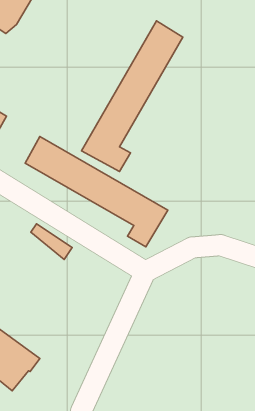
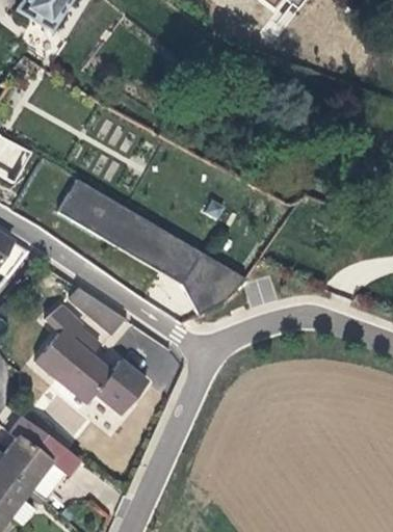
building: [82,21,183,172] -> none
building: none -> [33,309,143,416]

